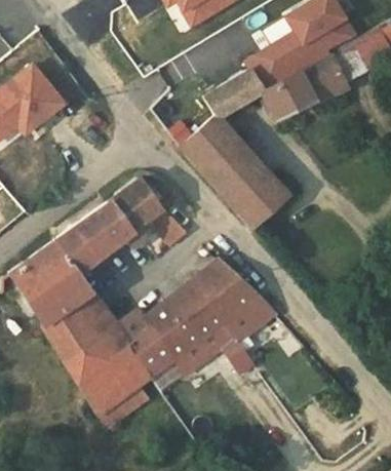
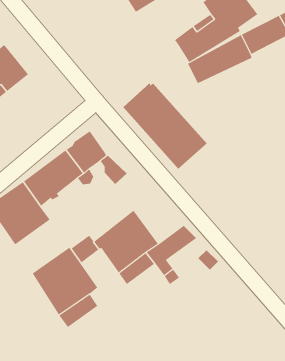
building: [203,70,265,119] -> none
building: [195,261,259,321] -> none
building: [44,290,114,359] -> none
building: [128,327,175,377] -> none

